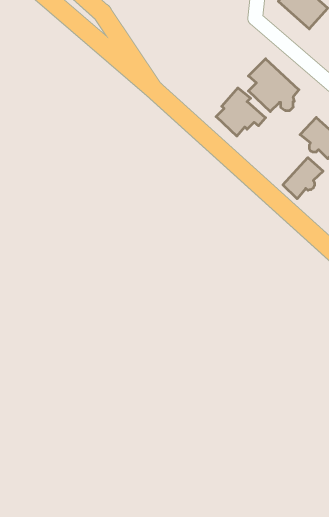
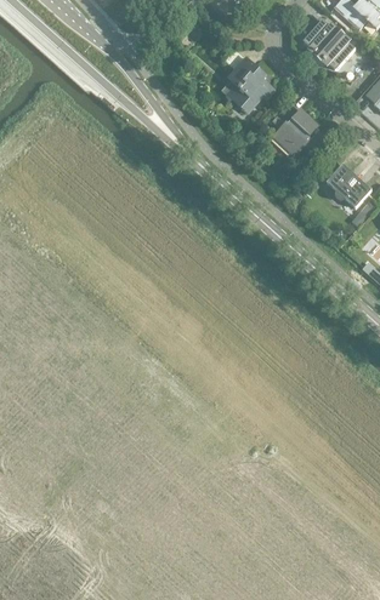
building: [216,88,266,136] -> [222,58,274,109]
building: [283,158,323,199] -> none

